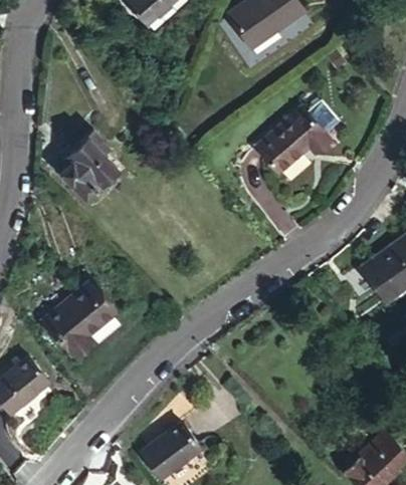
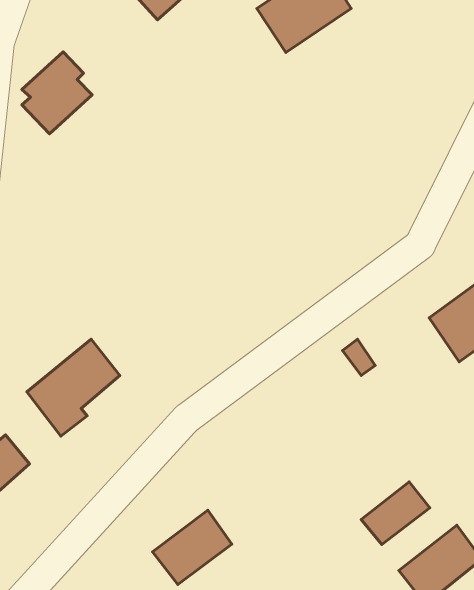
building: [257,107,331,174] -> none
building: [63,131,120,196] -> [22,52,92,134]
building: none -> [361,482,430,545]

